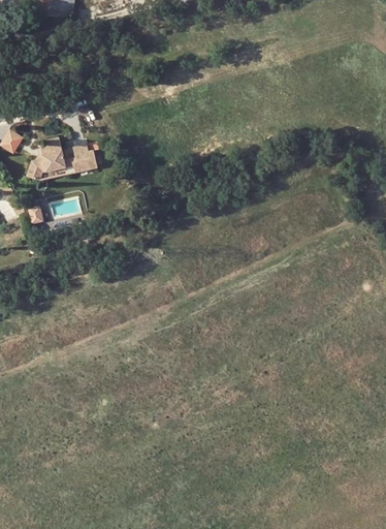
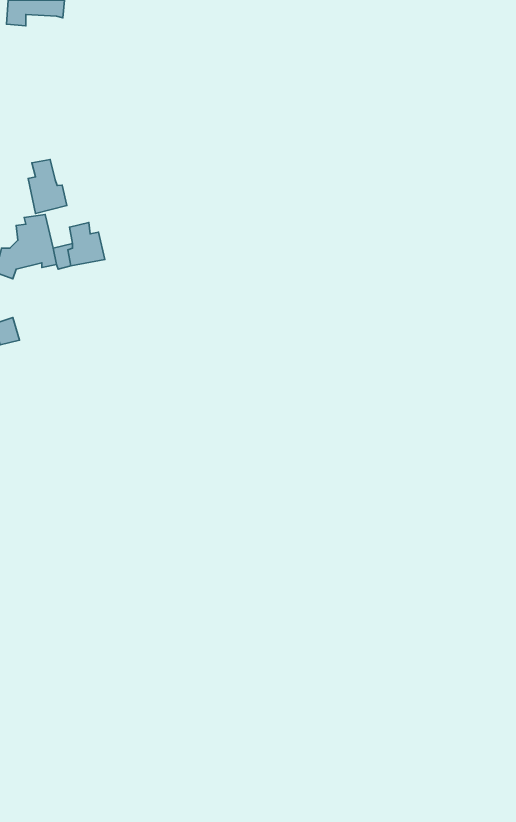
building: none -> [28,160,67,213]

